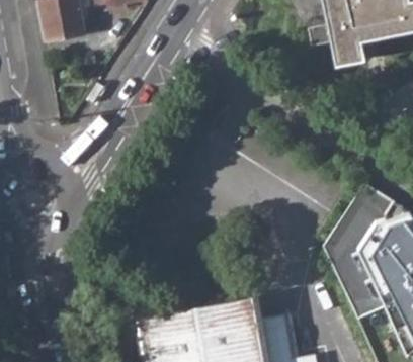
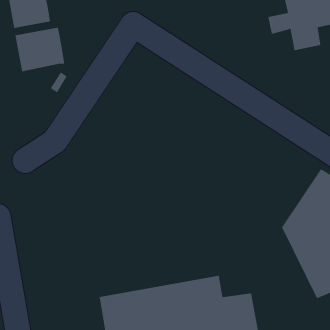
building: none -> [15,27,65,72]

